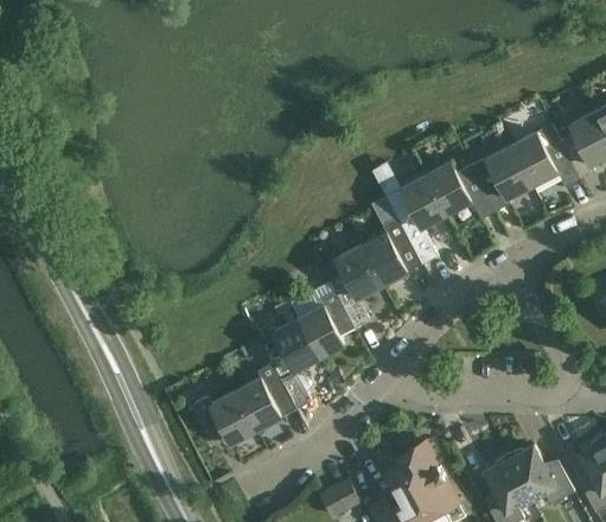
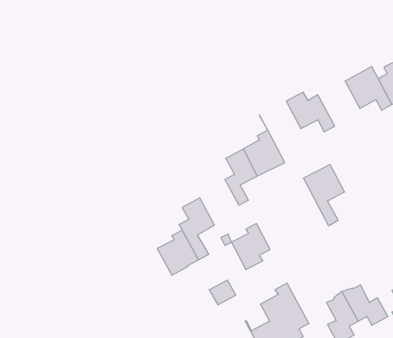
building: [472,144,534,210] -> none
building: [387,173,447,263] -> [303,165,345,226]
building: [299,288,356,356] -> [231,224,270,270]
building: [193,390,257,443] -> none
building: [321,478,361,515] -> [209,280,236,305]

